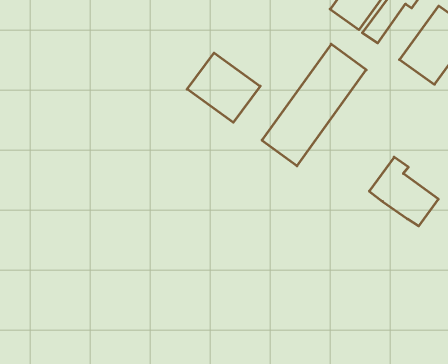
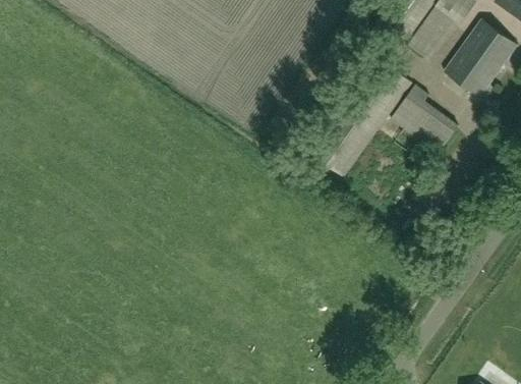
building: [187,53,260,122] -> none
building: [369,157,438,226] -> [391,85,459,153]

